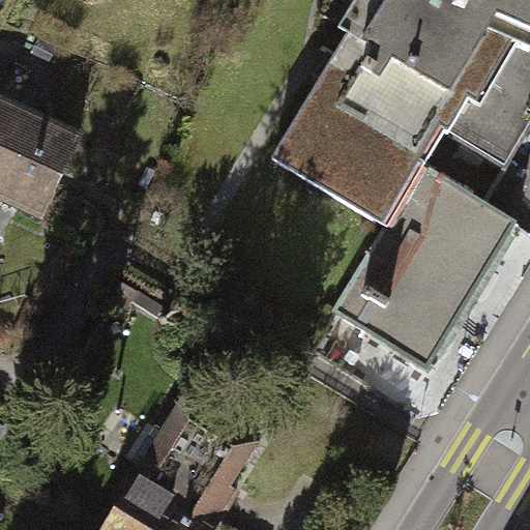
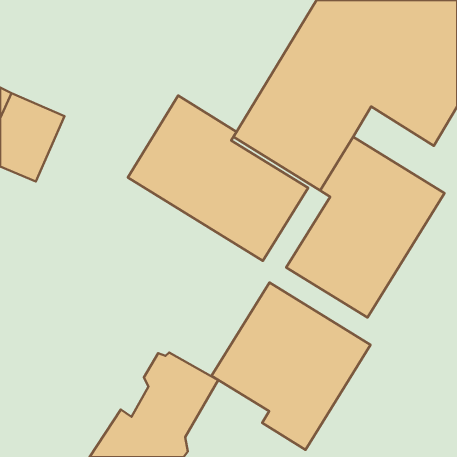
building: none -> [128,96,308,261]
building: none -> [212,282,370,450]

